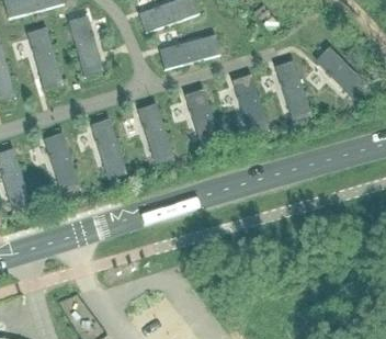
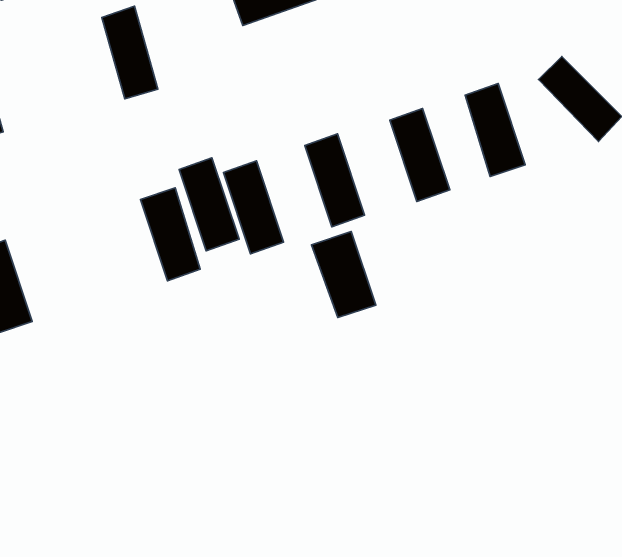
building: [27,31,60,82] -> none
building: [162,35,215,67] -> none
building: [45,136,79,189] -> [179,158,239,251]
building: none -> [311,231,376,317]

